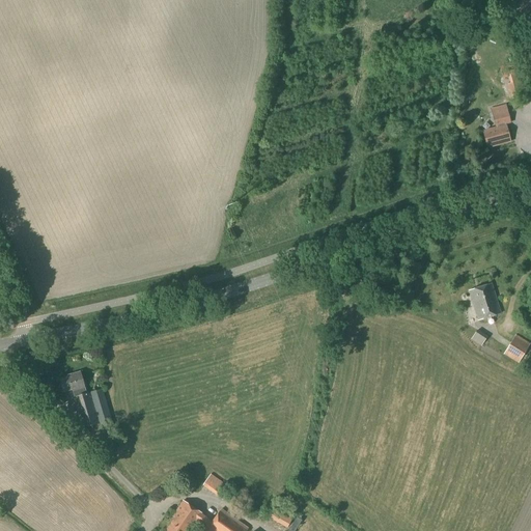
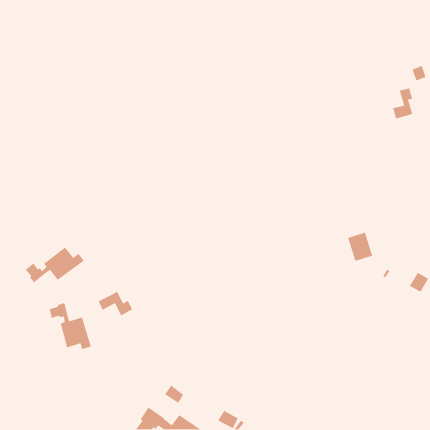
building: [469,282,501,319] -> [347,232,373,262]
building: none -> [25,246,85,283]
building: none -> [97,291,133,316]

